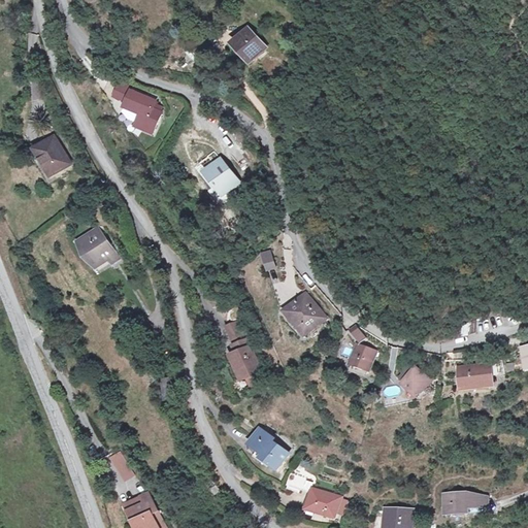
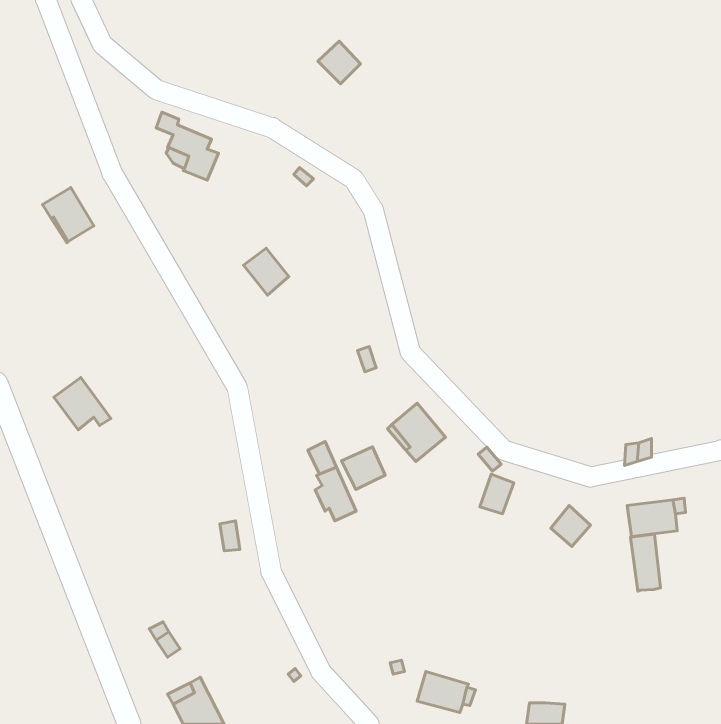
building: [203,161,236,195] -> [243,248,289,295]
building: [75,227,117,265] -> [54,377,111,430]
building: none -> [341,447,385,490]
building: none -> [631,534,661,591]
building: [246,428,287,470] -> none
building: [441,492,486,515] -> none

